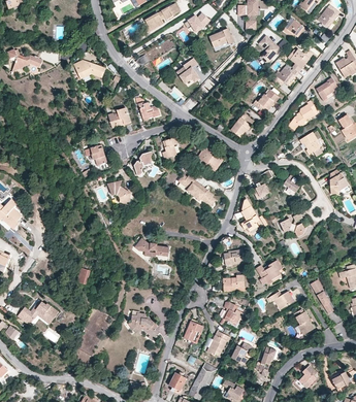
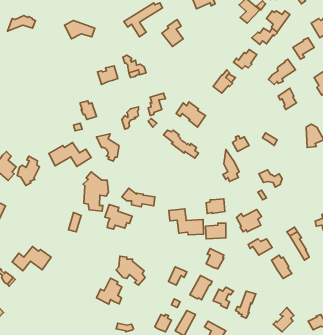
building: none -> [49,142,91,166]
building: none -> [17,156,39,186]
building: none -> [83,172,109,211]
building: none -> [105,204,132,229]
building: none -> [169,209,204,235]
building: none -> [96,278,122,304]

